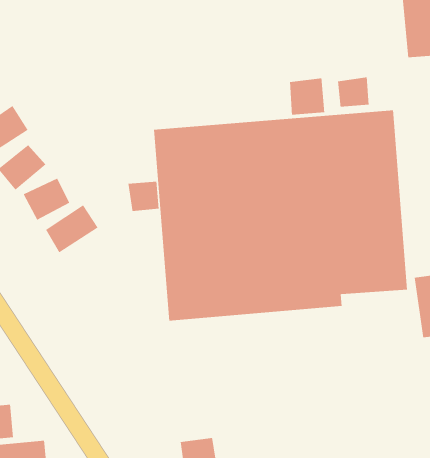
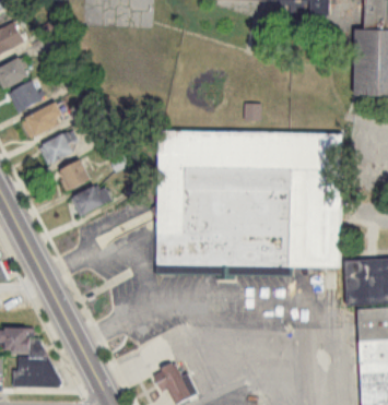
building: [338,76,369,107] -> none
building: [289,78,325,115] -> none
building: [128,181,159,212] -> none

